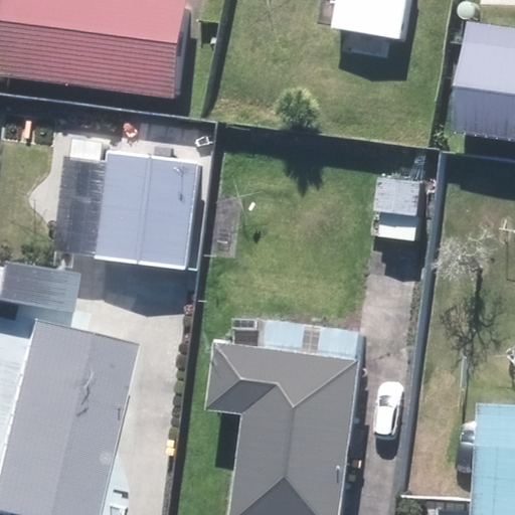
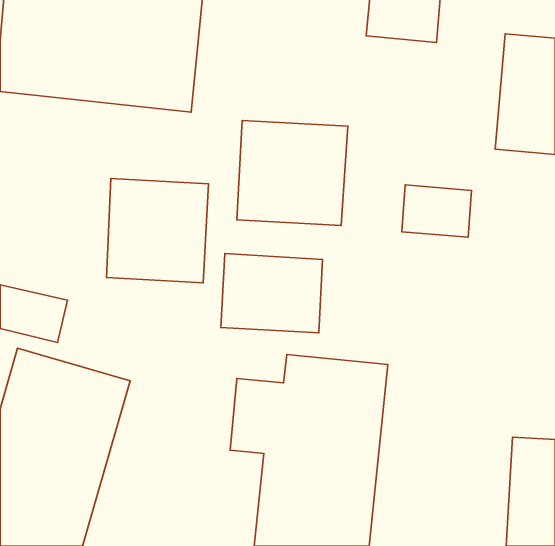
building: none -> [237,120,348,225]
building: none -> [221,253,323,333]

